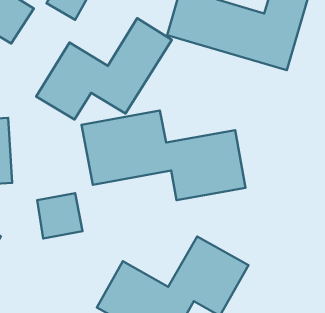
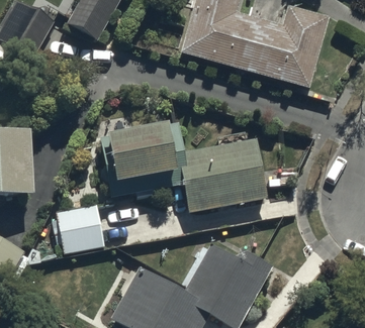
building: [36,18,172,120] -> none

